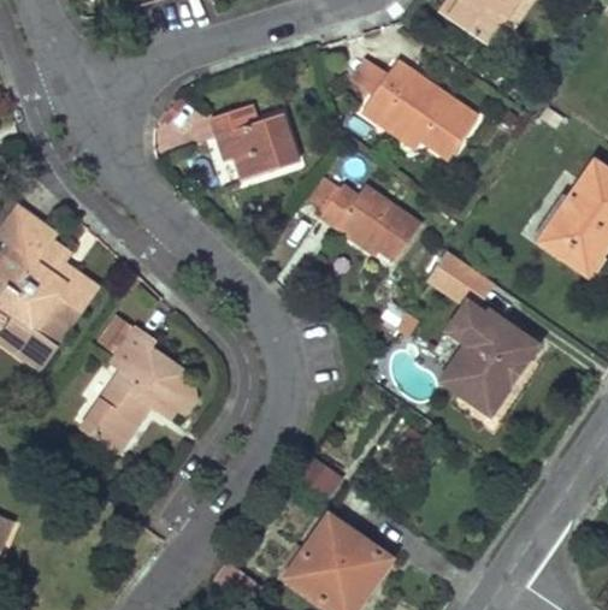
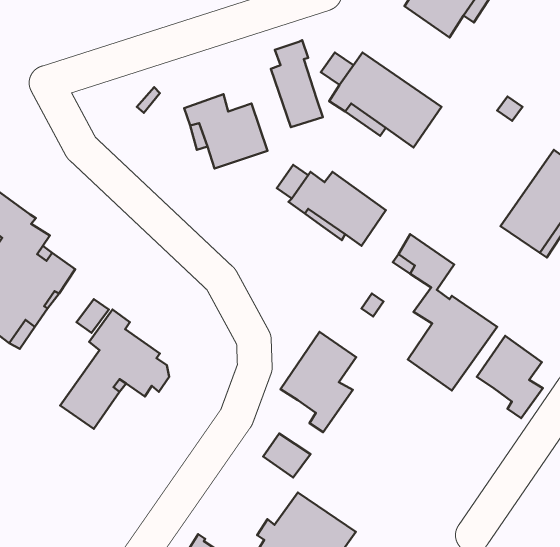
building: none -> [271,40,323,127]
building: none -> [281,332,356,432]
building: none -> [477,336,543,418]

